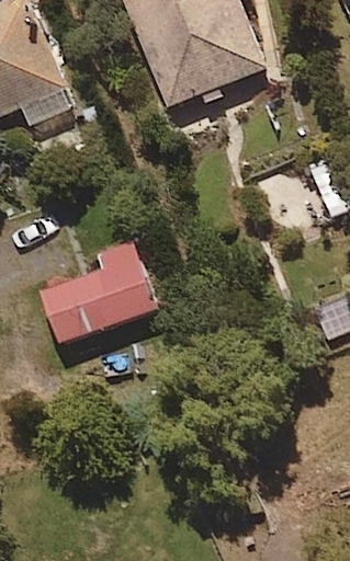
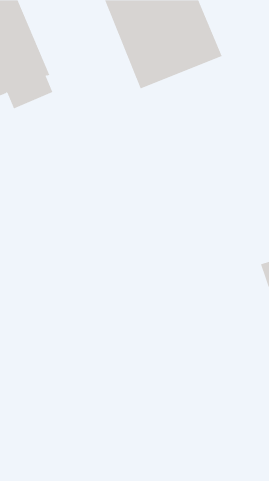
building: [39,243,155,342] -> none

